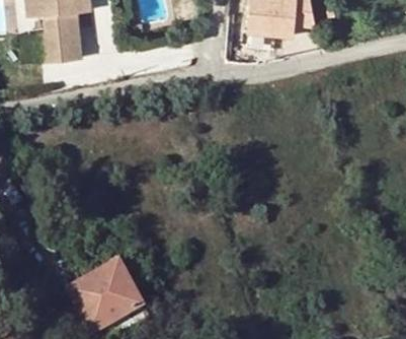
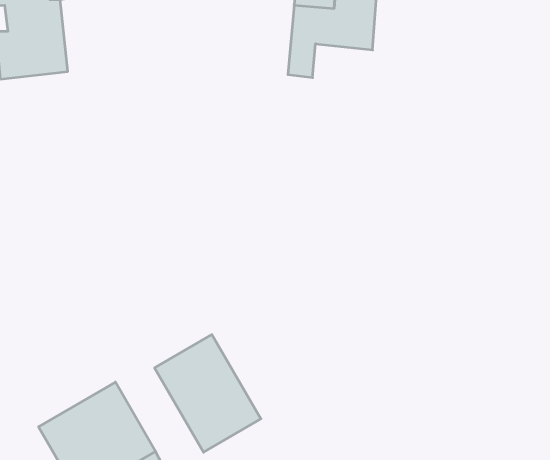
building: none -> [155,335,261,452]

